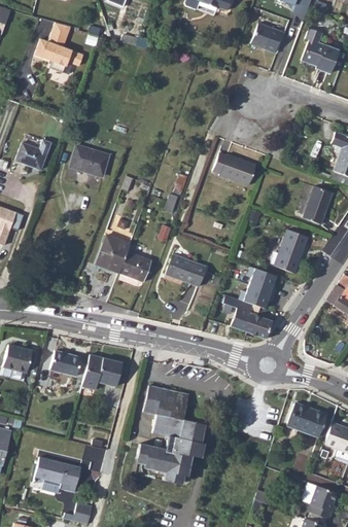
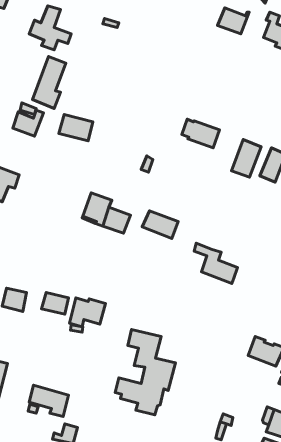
building: none -> [32,56,66,108]
building: [271,229,305,272] -> [232,139,261,177]
building: [245,268,278,309] -> none

